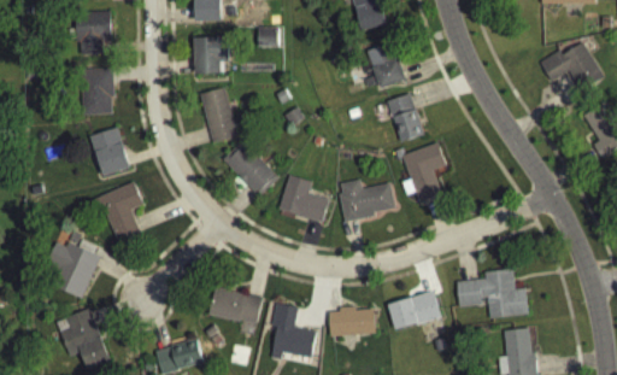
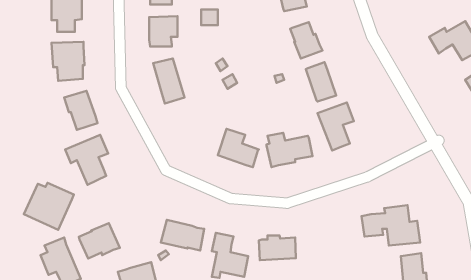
building: [223,140,278,197] -> none
building: [388,291,441,329] -> none
building: none -> [79,223,120,258]

